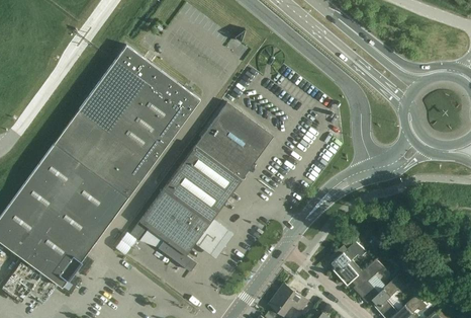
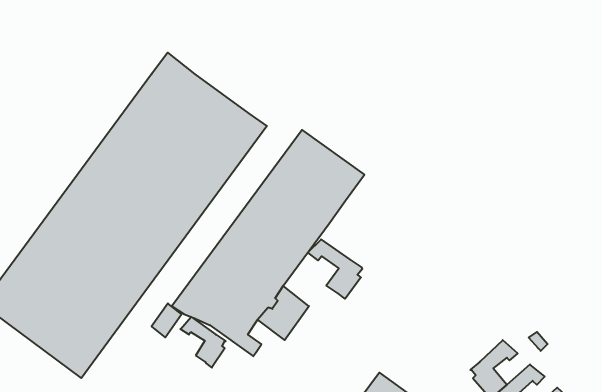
building: none -> [308,239,362,299]
building: none -> [180,317,226,368]
building: [329,242,367,286] -> none

